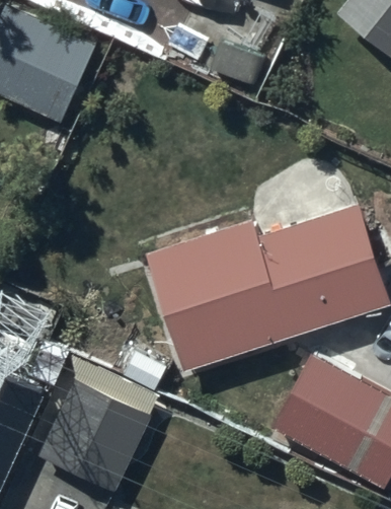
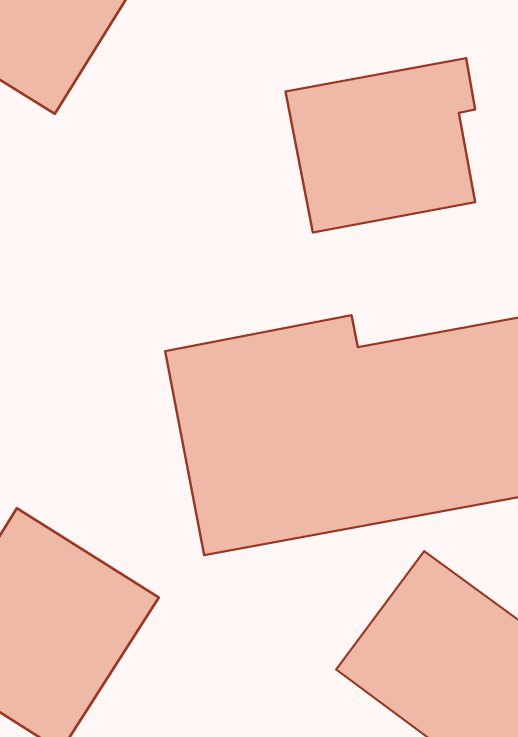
building: none -> [285,58,475,232]

